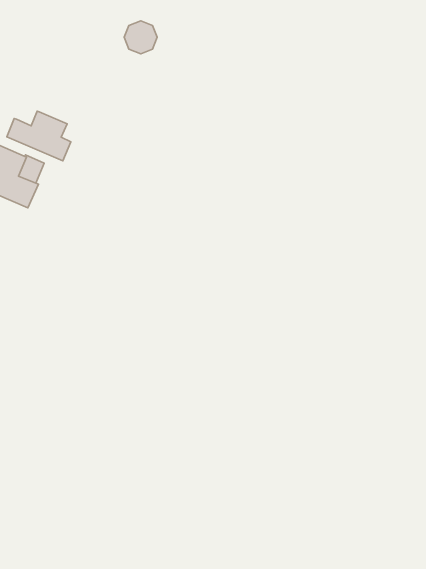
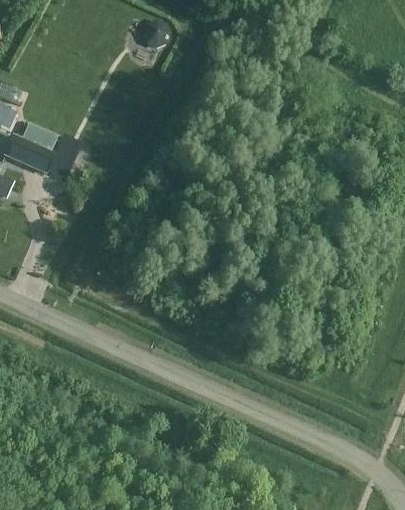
building: [7,111,71,161] -> none

